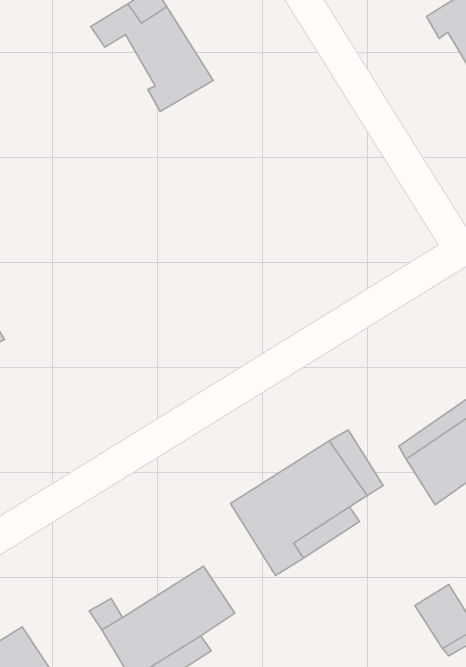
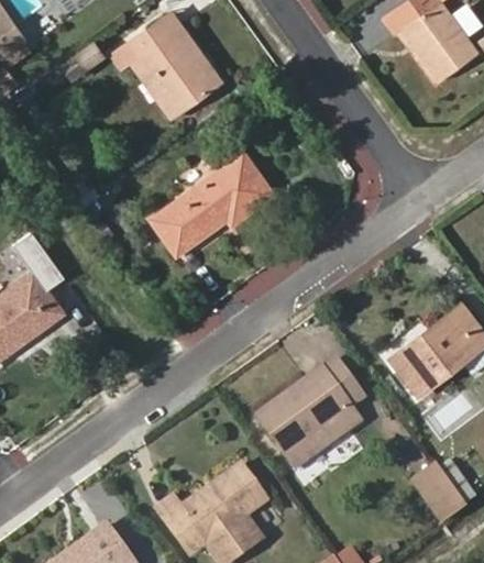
building: none -> [110,47,180,119]
building: none -> [153,154,273,253]

